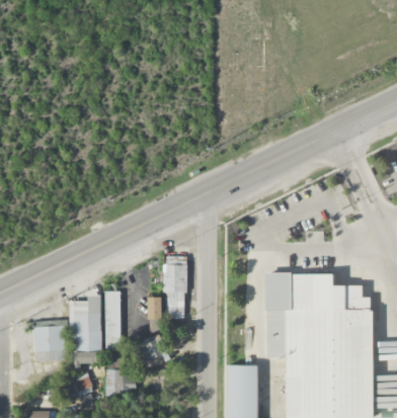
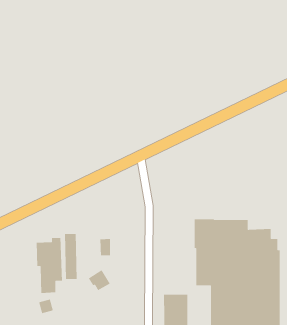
building: [164,257,186,319] -> none
building: [33,321,66,362] -> none
building: [105,370,134,398] -> none

